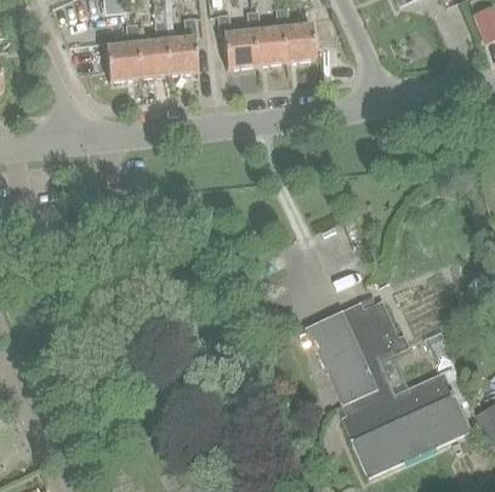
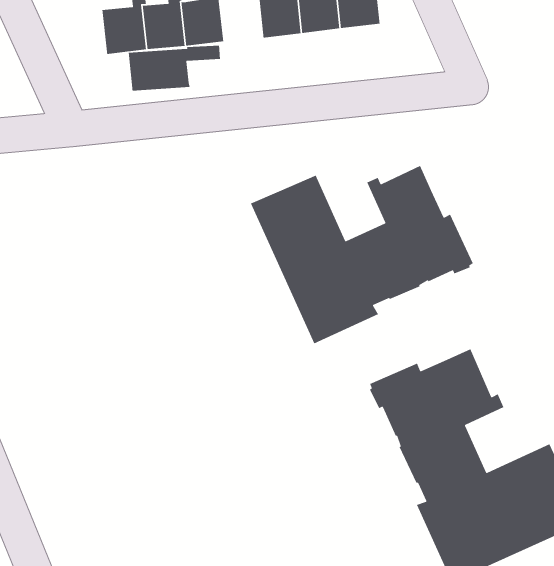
building: none -> [128,45,221,92]
building: none -> [250,165,474,344]

